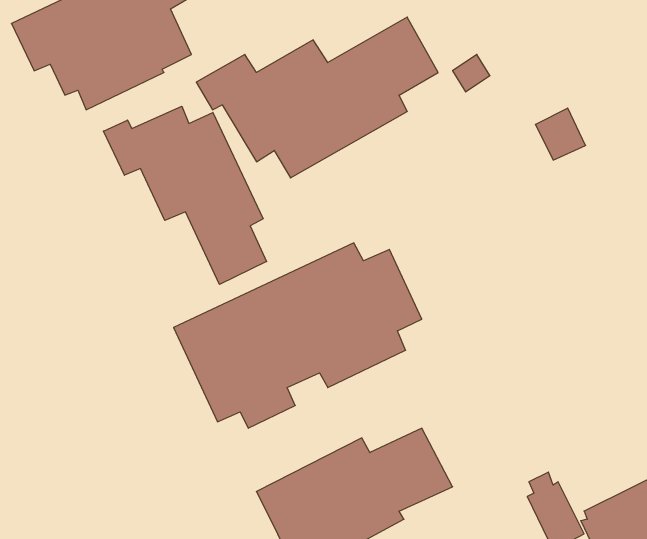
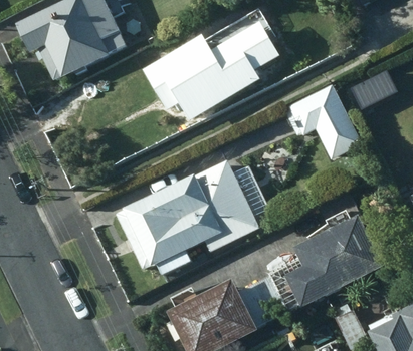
building: [103,106,267,284] -> none
building: none -> [285,84,363,158]
building: none -> [283,216,386,310]

